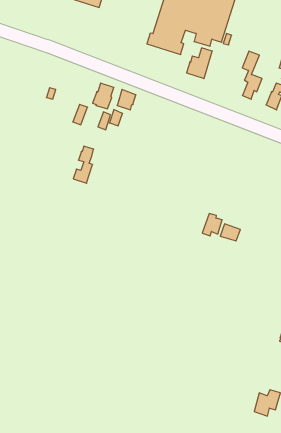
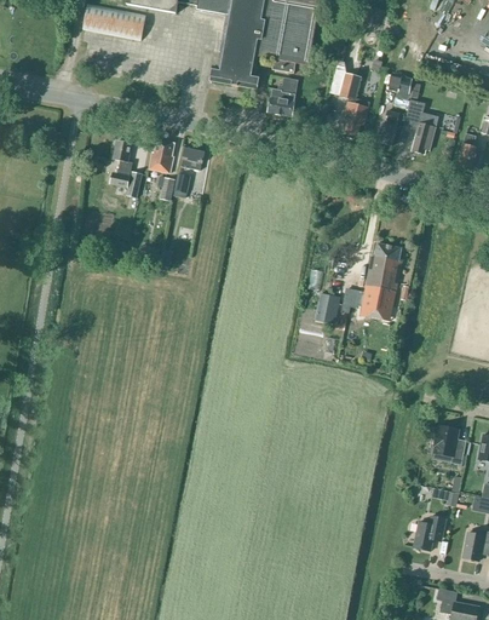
building: [73,146,94,183] -> [109,139,132,188]
building: none -> [362,242,402,306]

